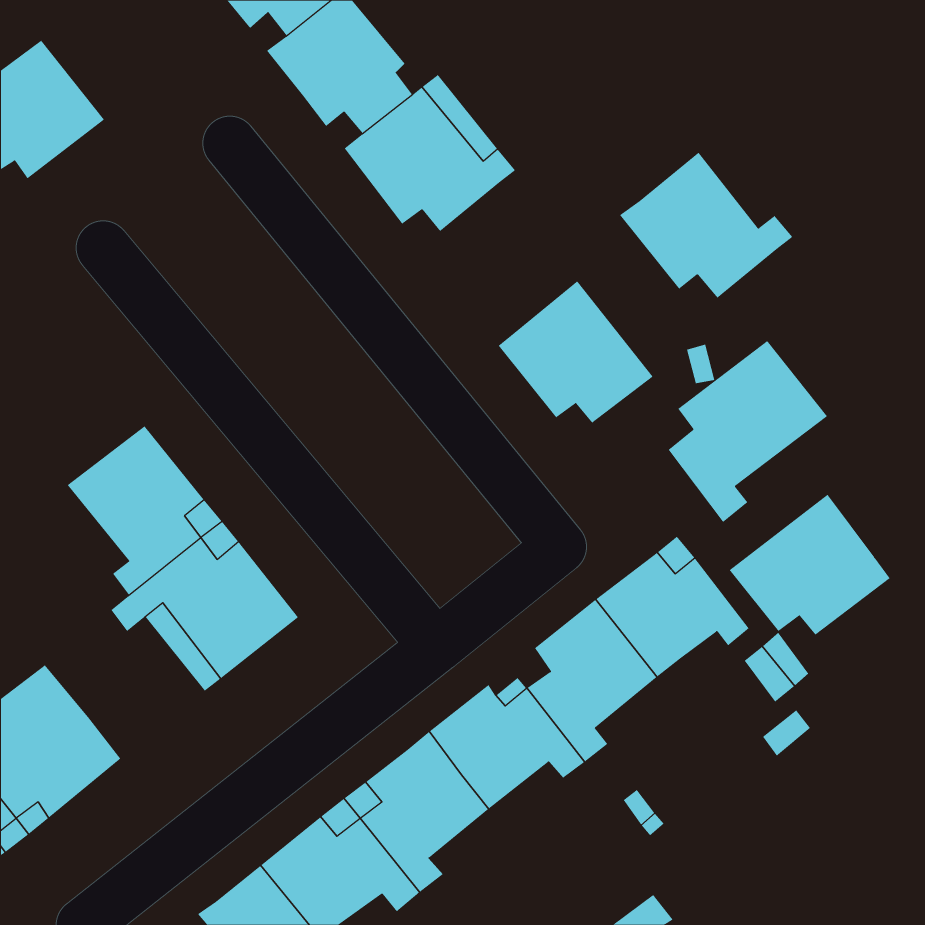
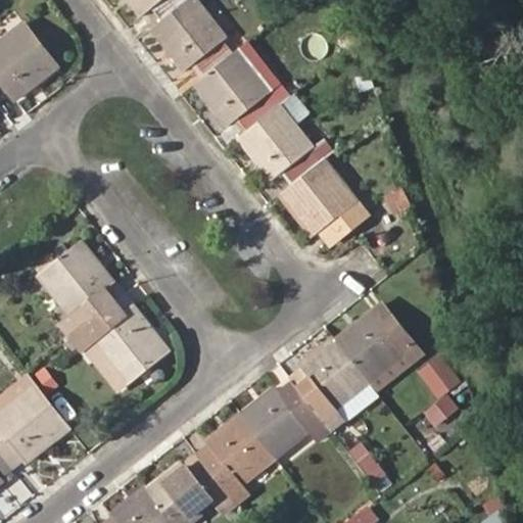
building: [619,152,793,298] -> [237,103,335,186]
building: [668,340,828,523] -> none
building: [729,494,890,635] -> none

